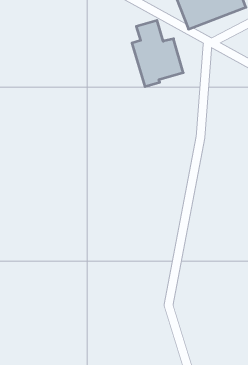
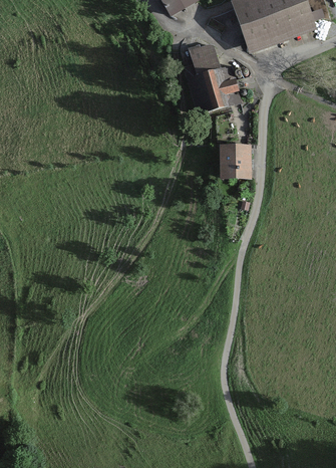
building: none -> [223,145,251,175]

